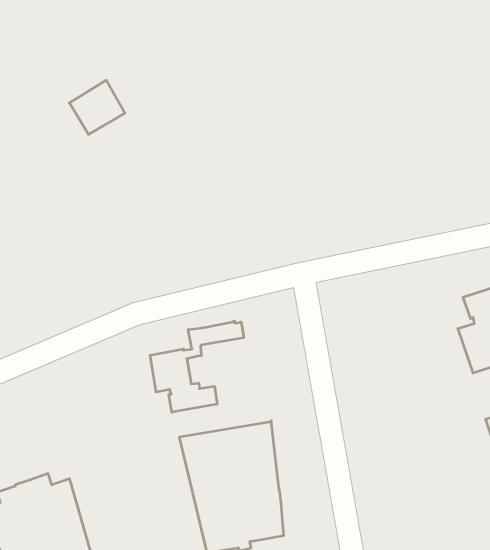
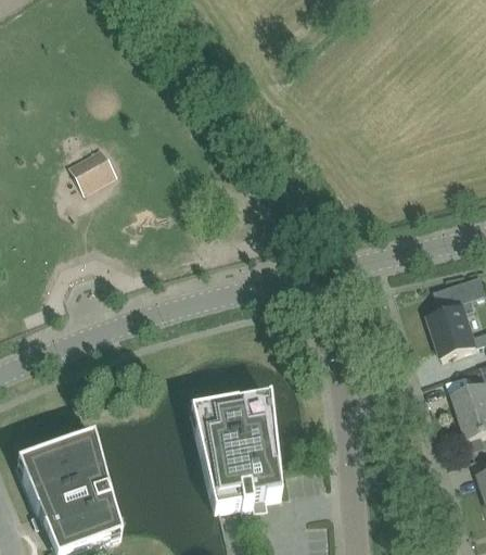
building: [69,80,125,134] -> [68,147,116,193]
building: [150,321,244,412] -> none

